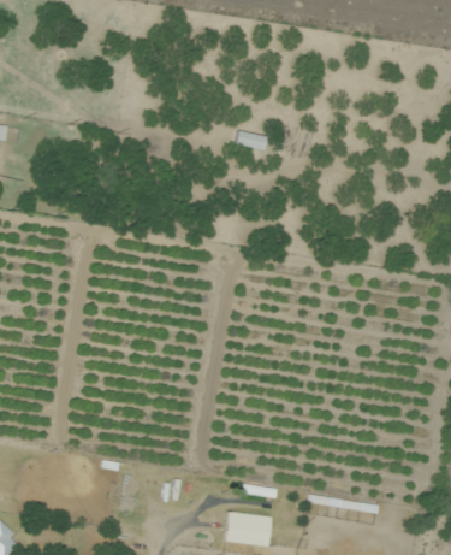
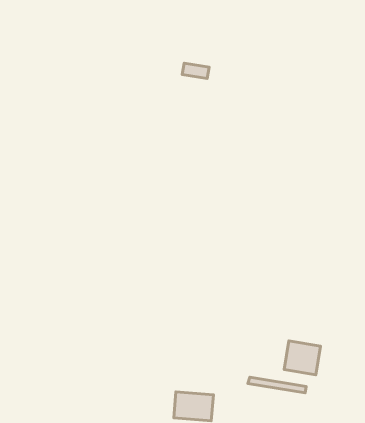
building: none -> [284,341,321,375]

